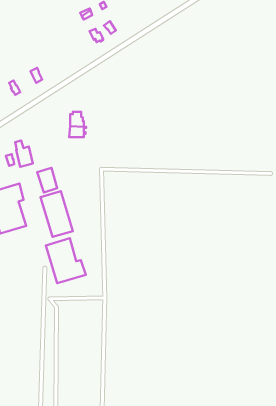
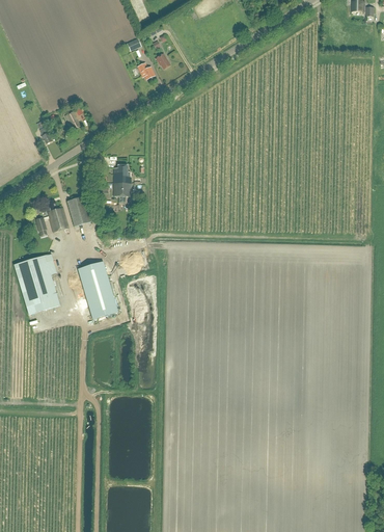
building: [37,168,57,192] -> [66,195,91,225]
building: [46,238,86,283] -> none

